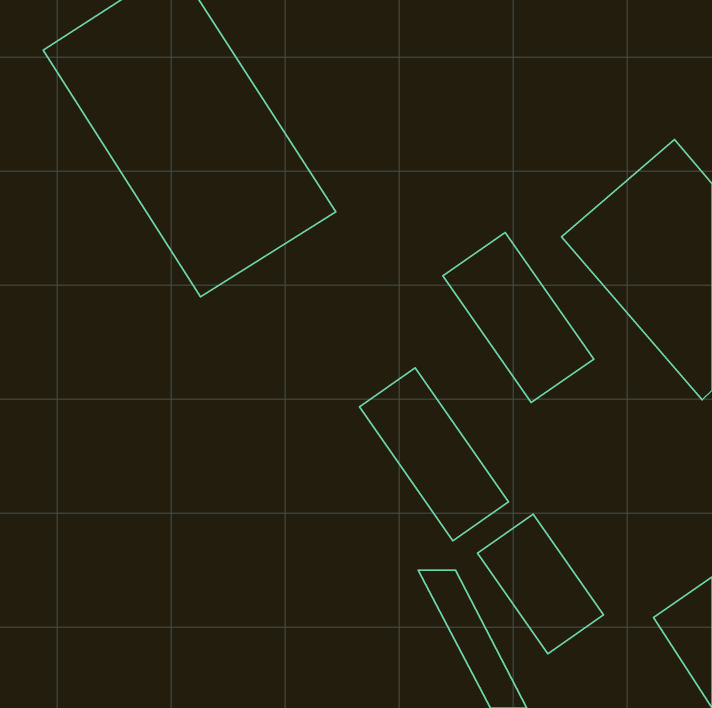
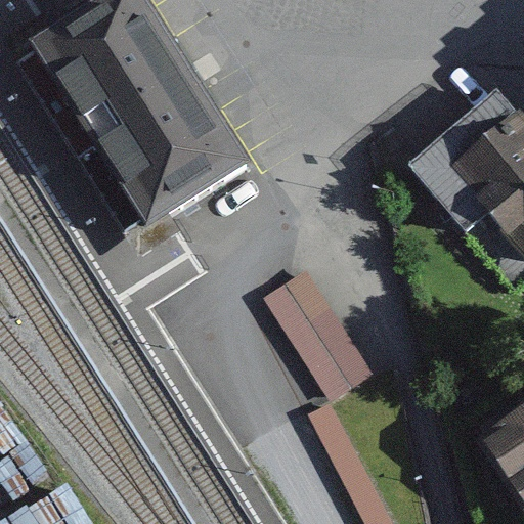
building: [443,233,594,403] -> none
building: [478,514,603,654] -> none

